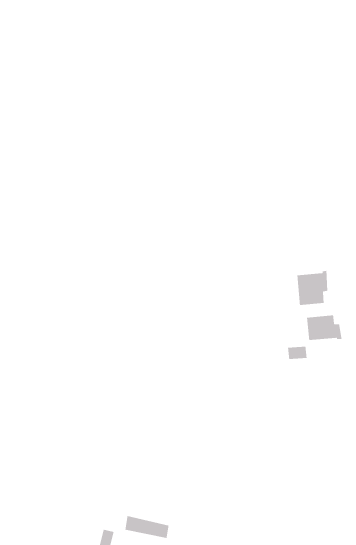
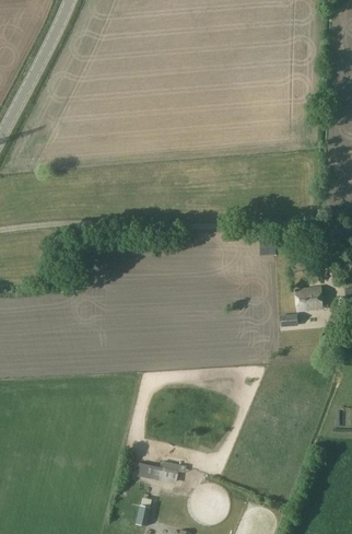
building: [297,270,328,306] -> none

